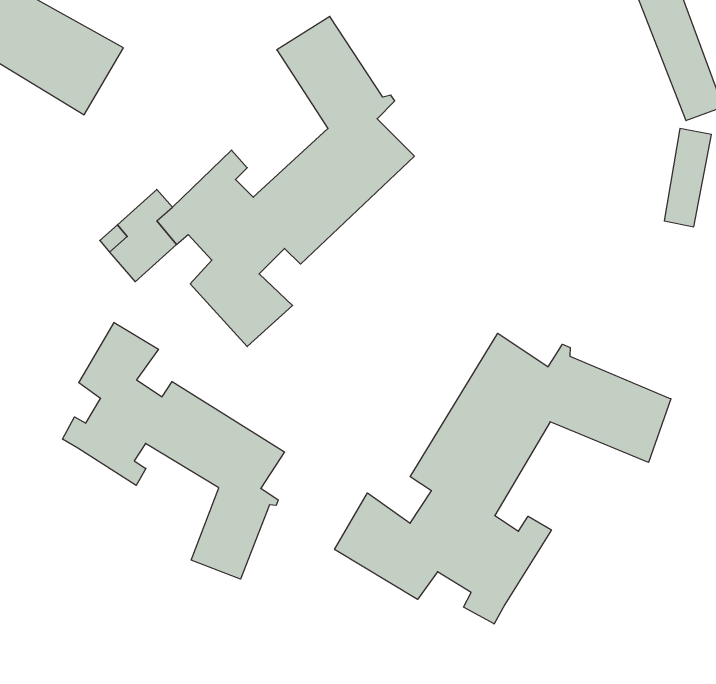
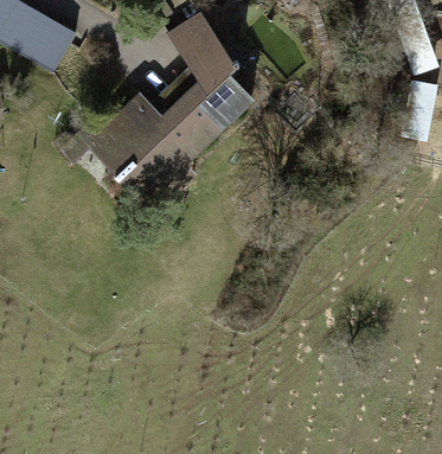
building: [63,322,285,579] -> none
building: [335,333,671,624] -> none

